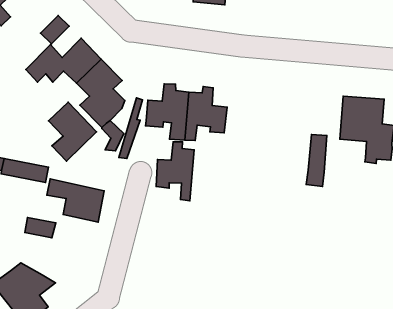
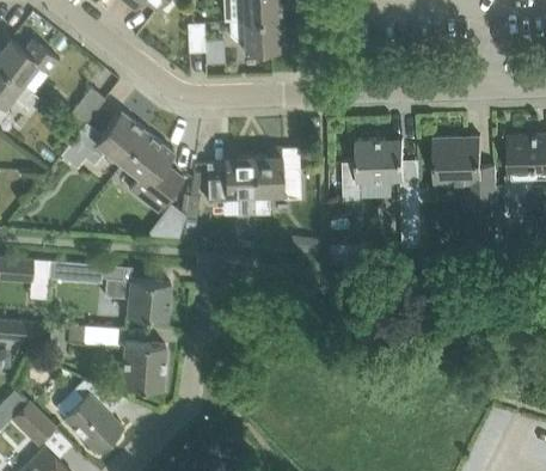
building: none -> [343,140,404,202]
building: [49,102,96,161] -> none
building: [156,142,194,201] -> none
building: none -> [122,343,165,390]

